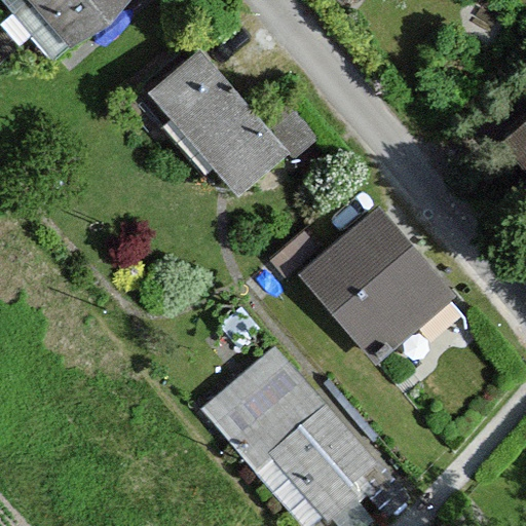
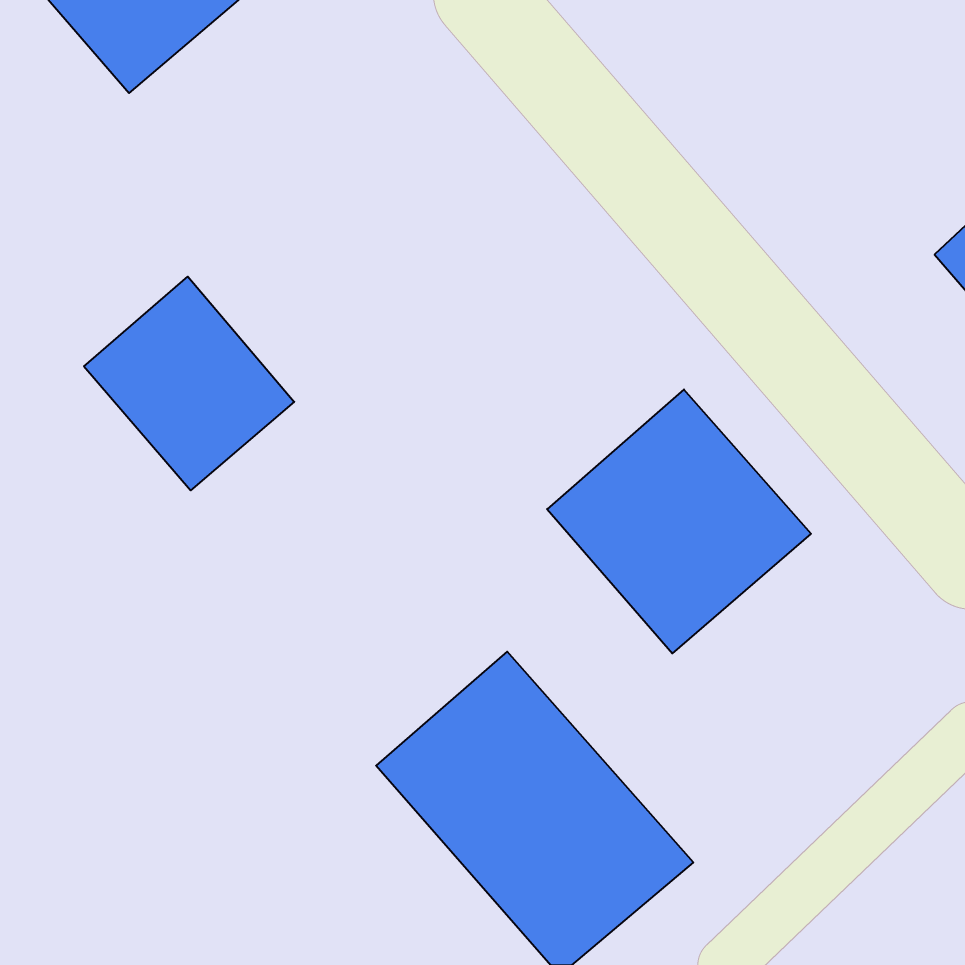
building: [150,48,290,195] -> none
building: none -> [84,277,294,490]

